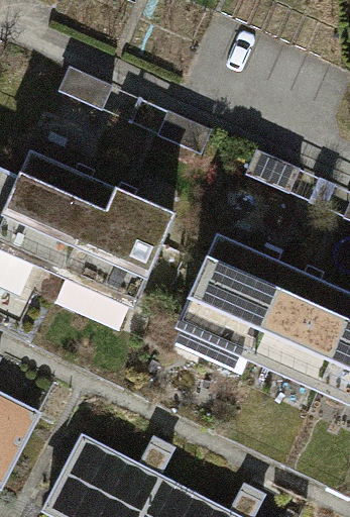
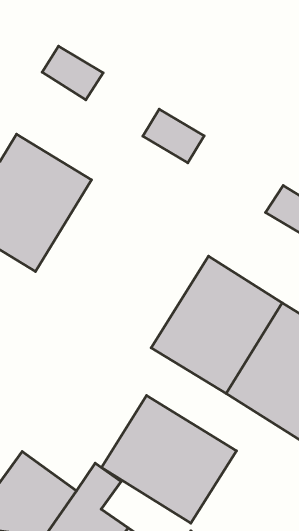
building: [74,187,184,307] -> none
building: none -> [102,396,237,523]

